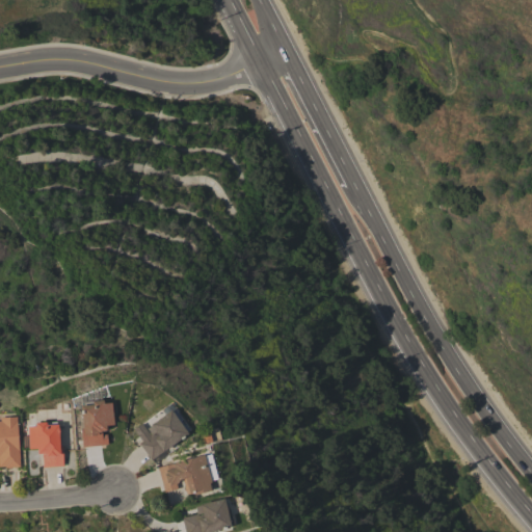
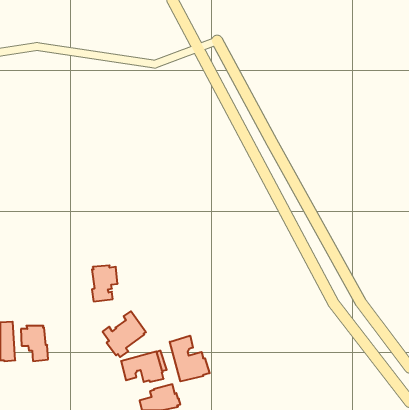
building: [81,400,114,447] -> [92,265,118,301]
building: none -> [170,336,210,381]

